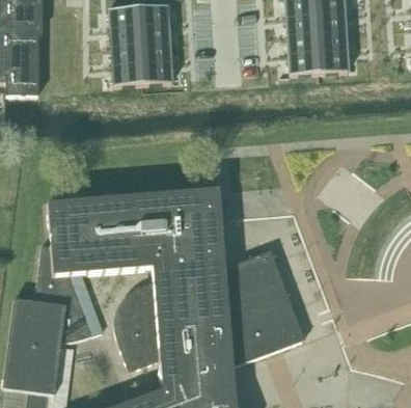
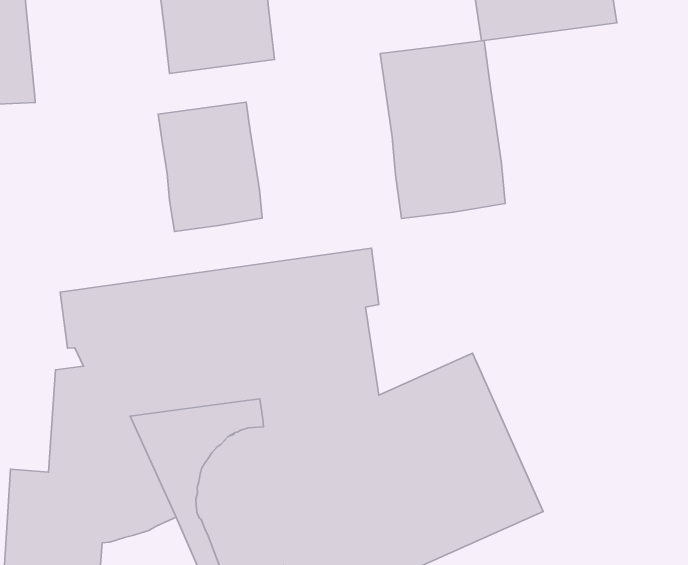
building: none -> [380,41,505,219]
building: none -> [158,102,262,232]

